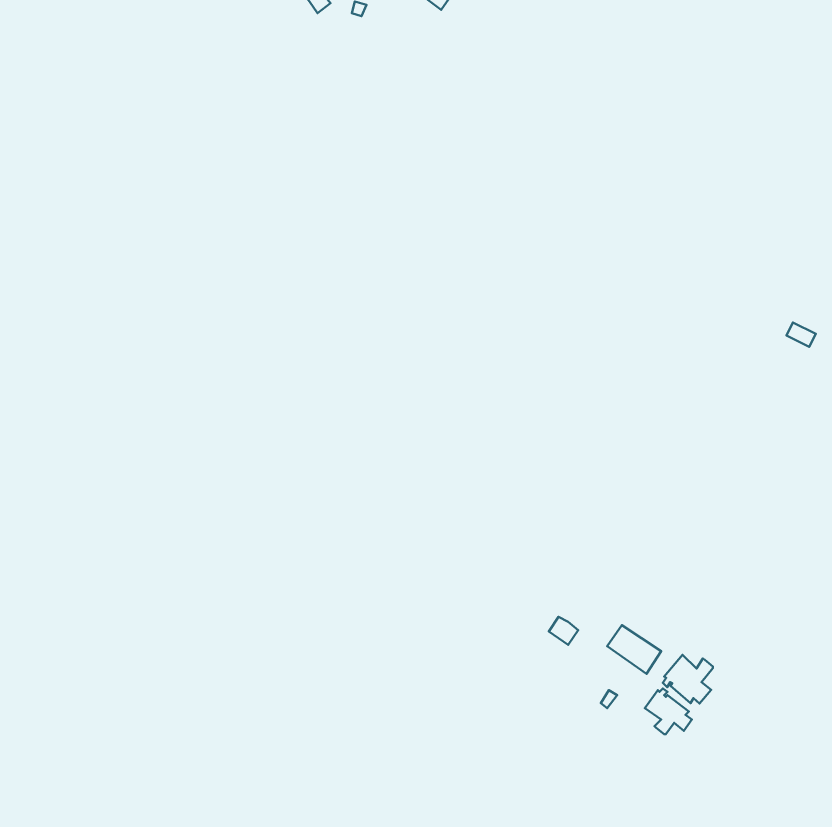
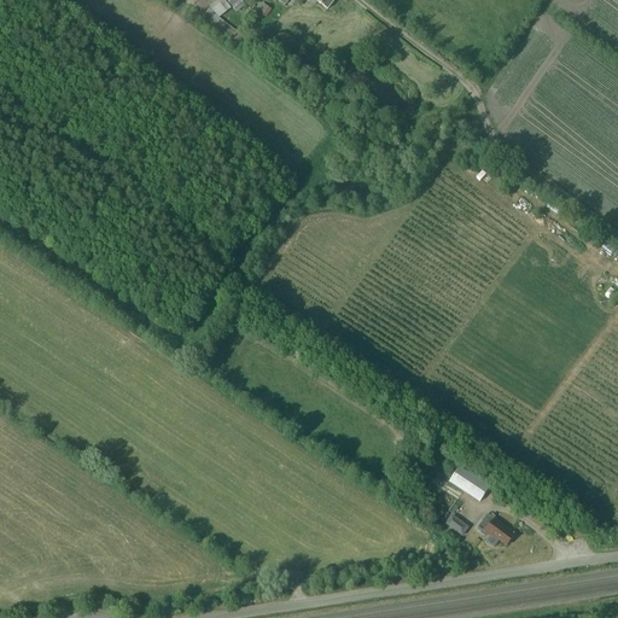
building: [663,655,713,704] -> none

